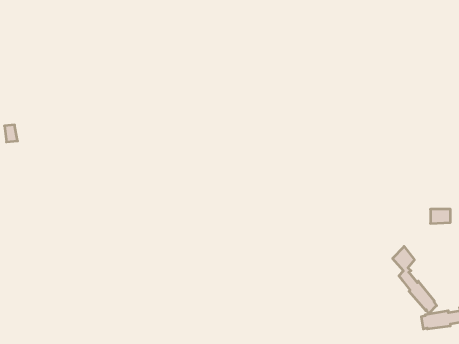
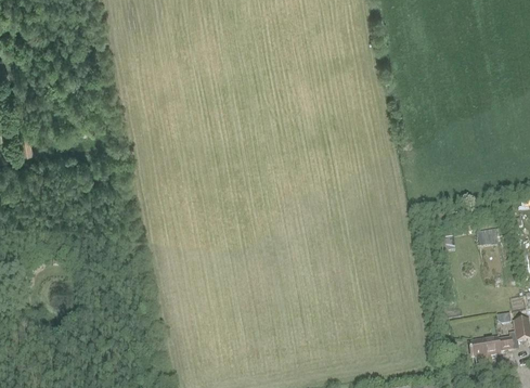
building: [393,246,437,314] -> none

